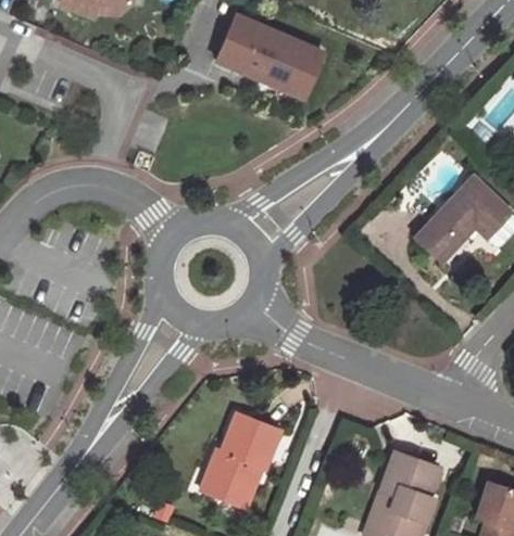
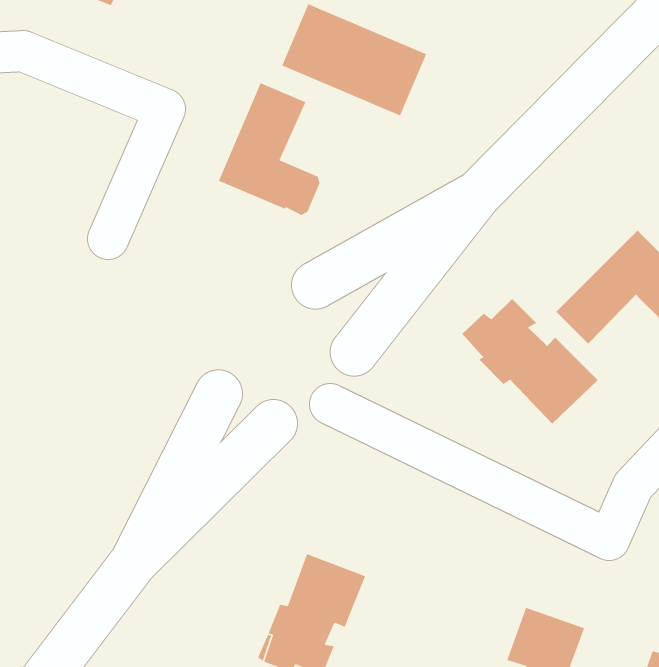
building: none -> [218,82,320,216]
building: none -> [462,298,599,425]

